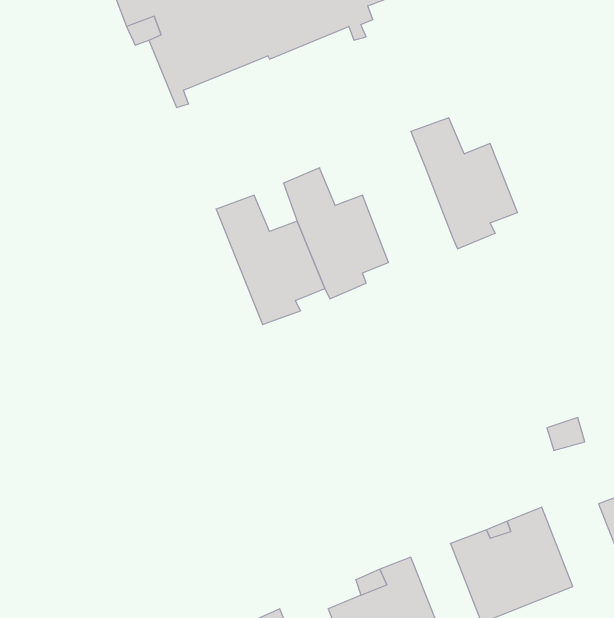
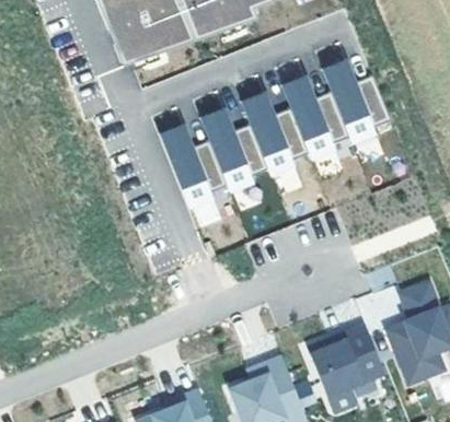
building: none -> [322,60,391,142]
building: none -> [241,92,308,175]

